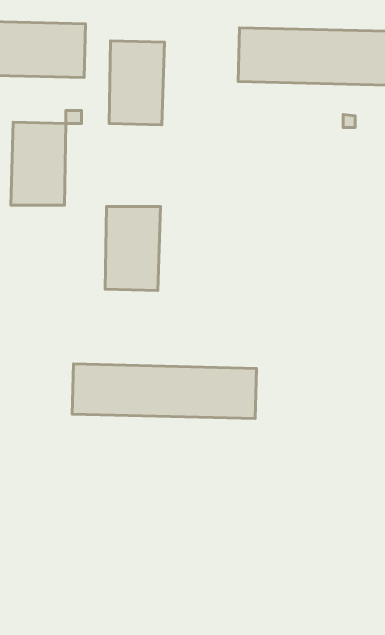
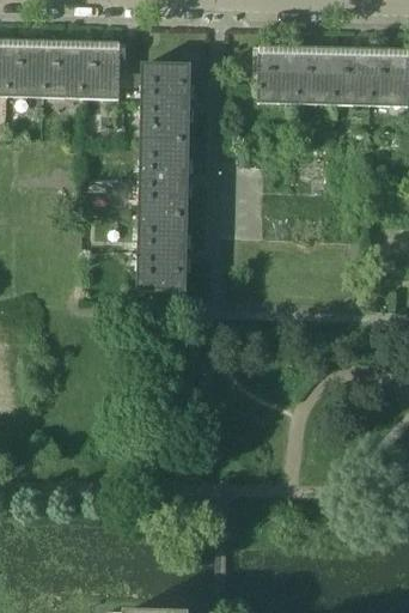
building: [11,122,66,205] -> [140,140,190,216]
building: [72,364,256,419] -> none

